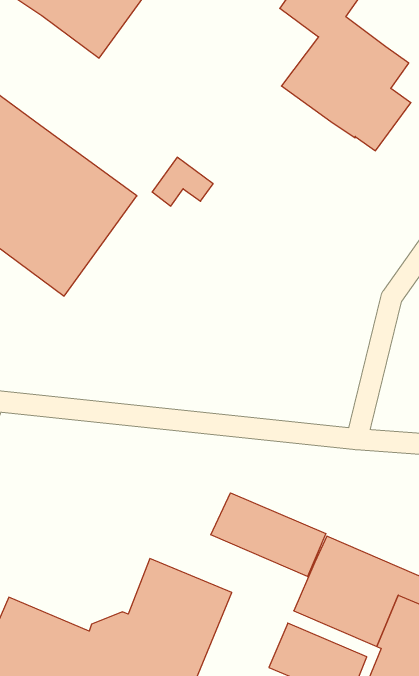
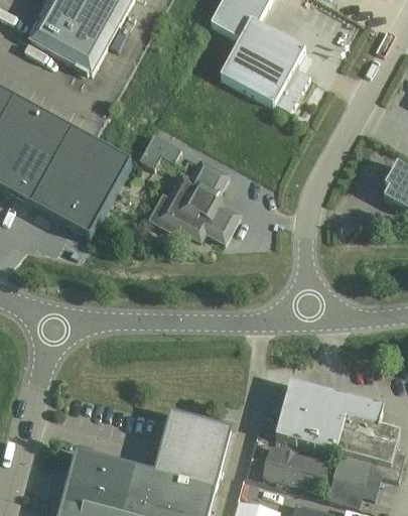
building: none -> [151,156,240,239]
building: [211,493,326,577] -> none

